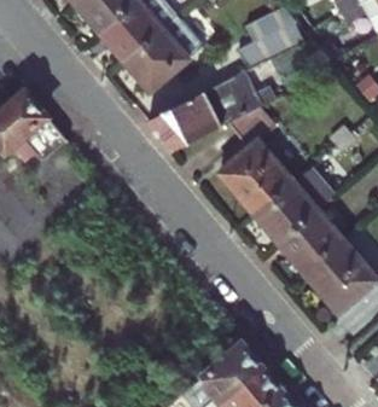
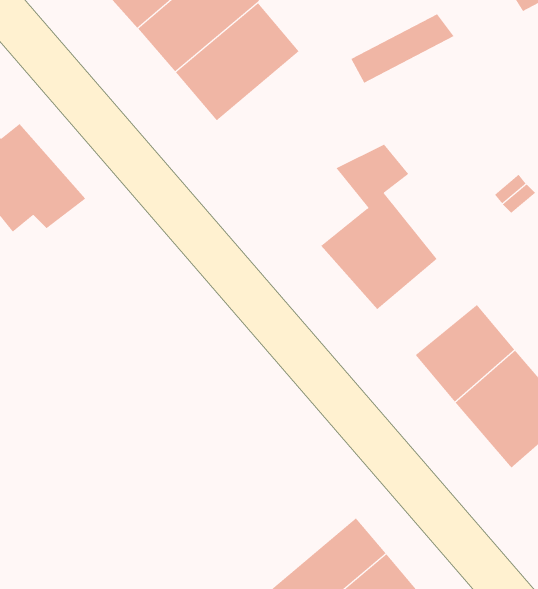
building: [149,62,281,150] -> none
building: [254,169,331,242] -> none

